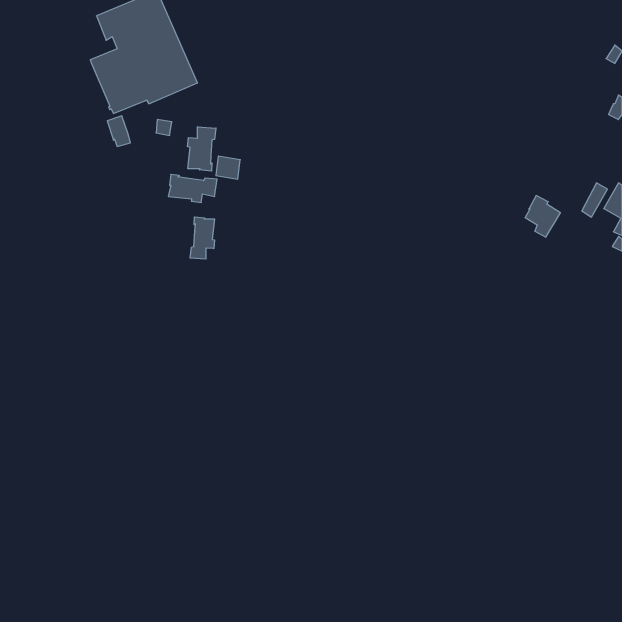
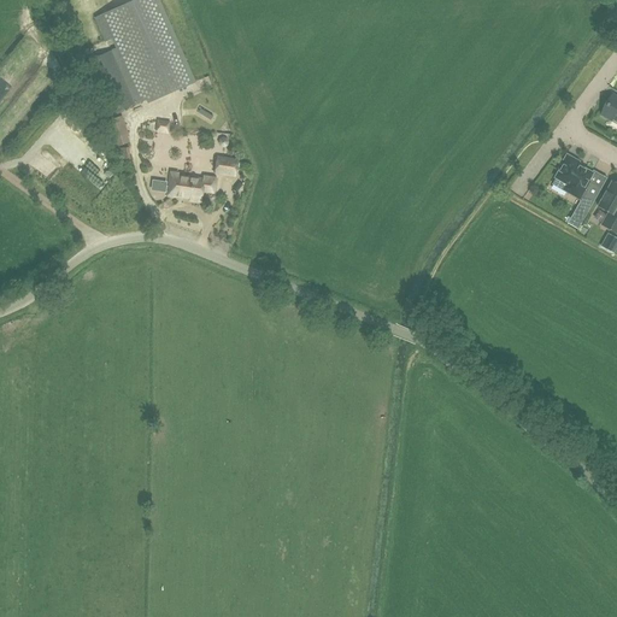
building: [188,127,216,171] -> none
building: [525,196,560,237] -> [554,155,589,196]
building: [190,217,214,259] -> none

